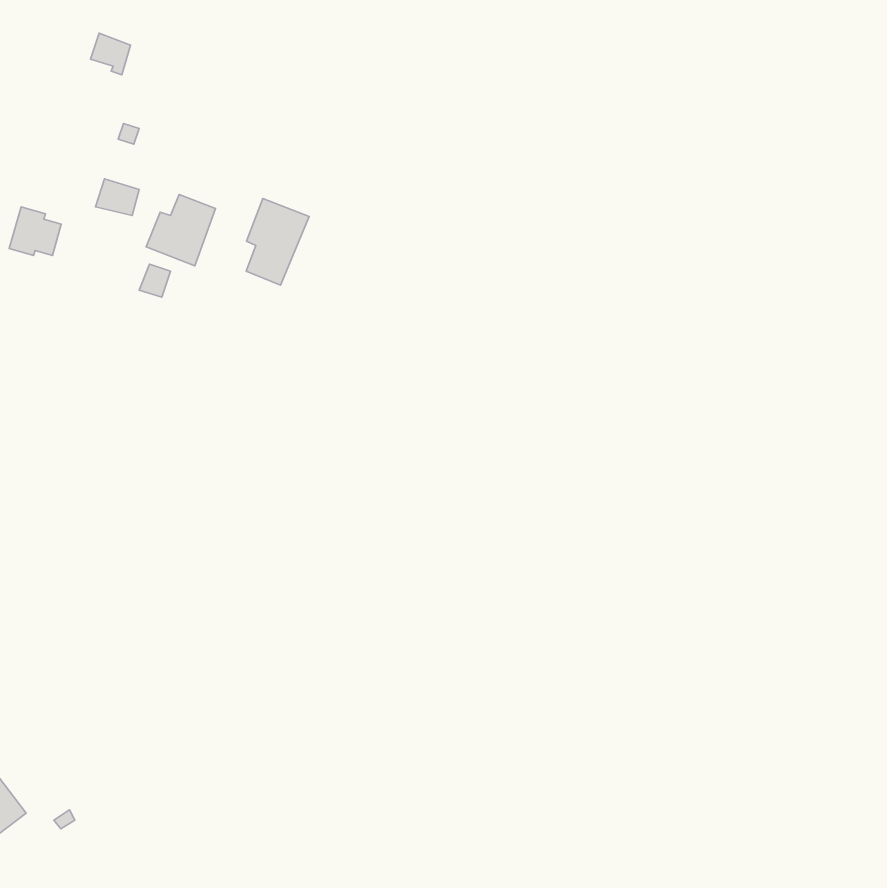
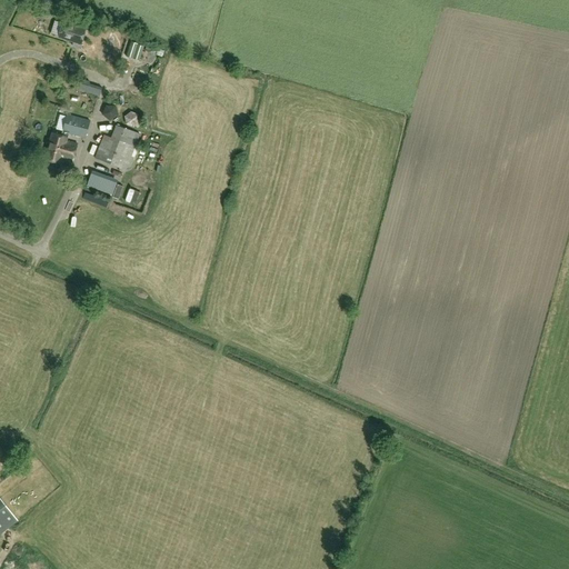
building: [246,198,309,285] -> none
building: [9,207,61,256] -> [43,133,77,164]

